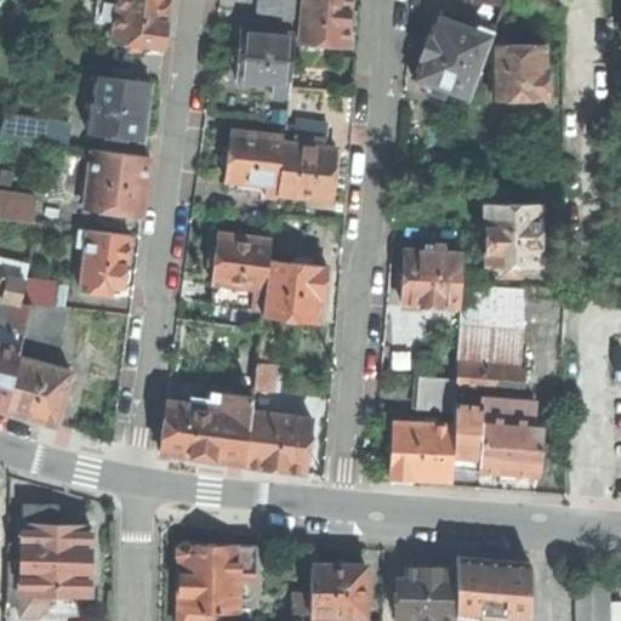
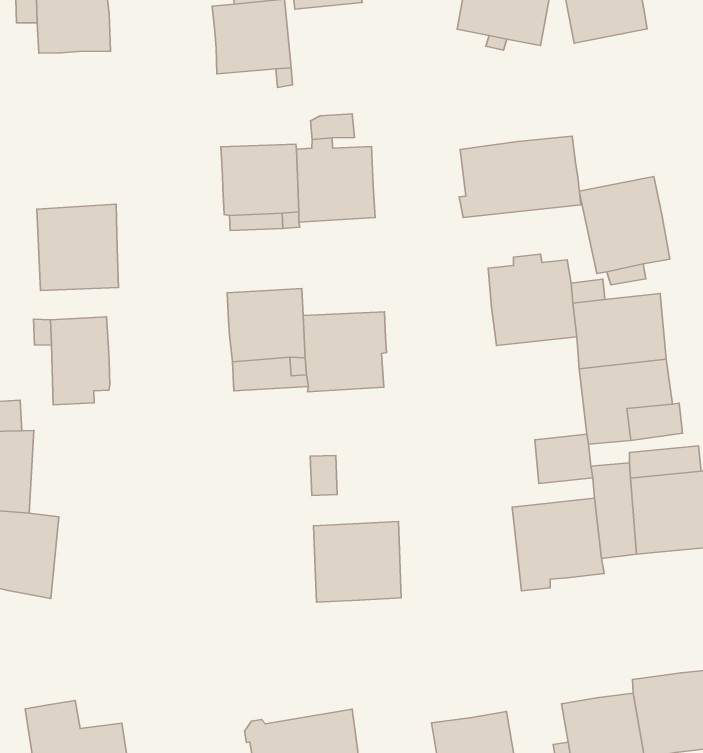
building: [90,78,152,141] -> none
building: none -> [459,136,581,217]
building: [160,393,253,466] -> none

